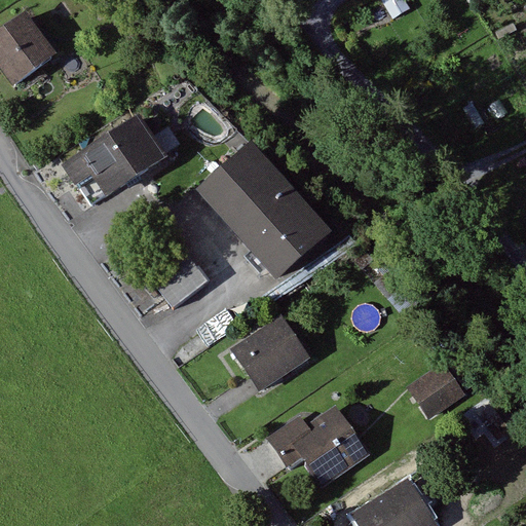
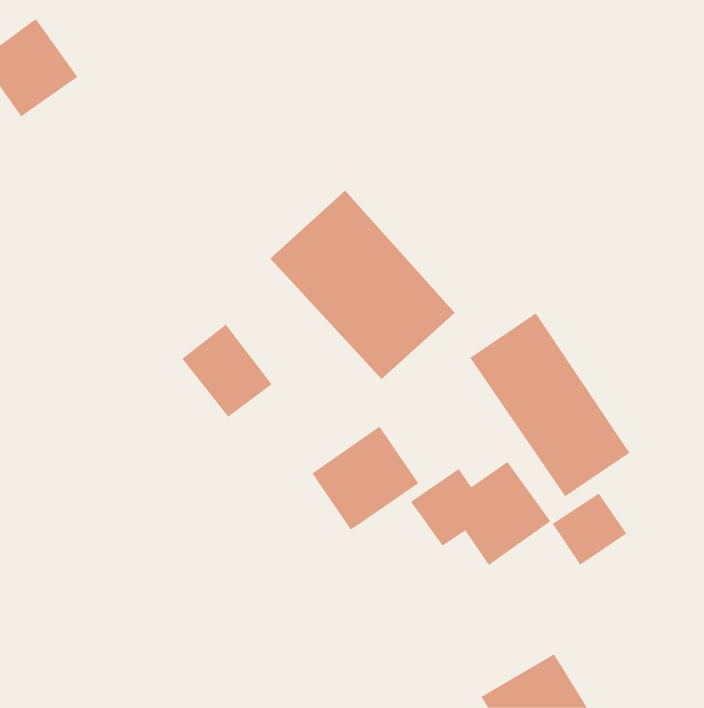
building: [63,117,168,199] -> none
building: none -> [470,313,630,497]
building: [261,405,365,482] -> [410,461,551,566]

